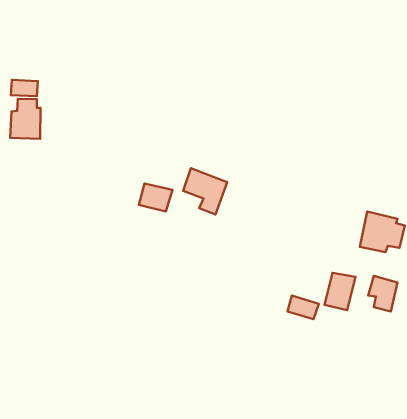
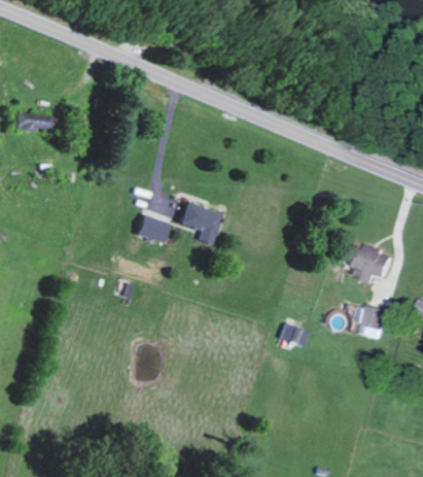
building: [10,99,40,139] -> none
building: [325,273,356,310] -> none

